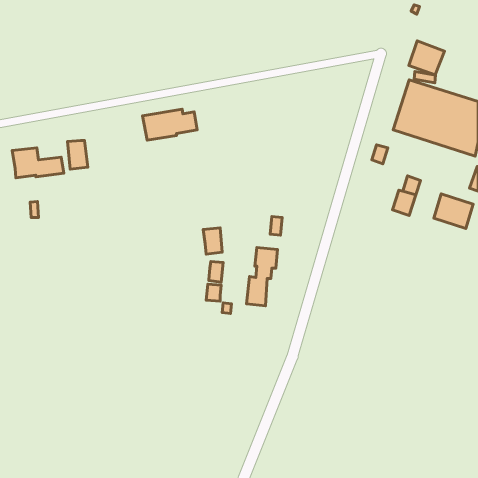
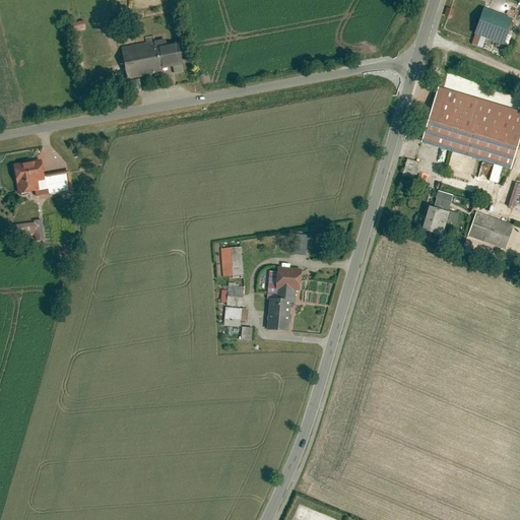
building: [409,41,445,75] -> [470,7,509,44]
building: [143,109,197,140] -> [121,41,180,74]
building: [67,141,88,169] -> none

